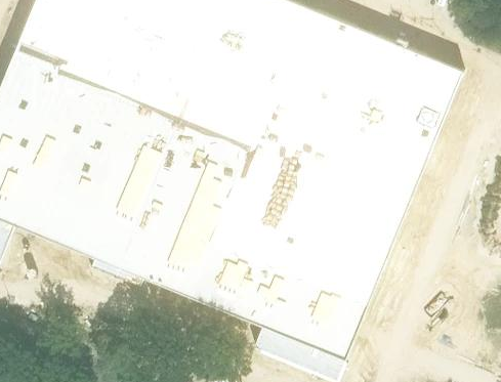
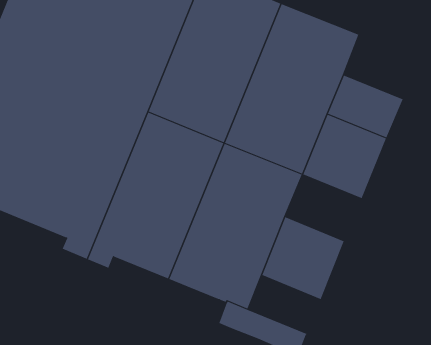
building: [383,45,462,113] -> none
building: [322,192,403,261] -> none
building: [283,297,360,358] -> none

